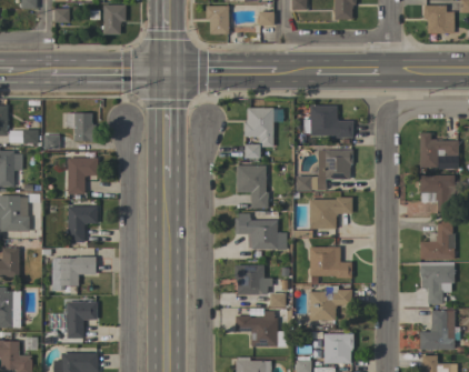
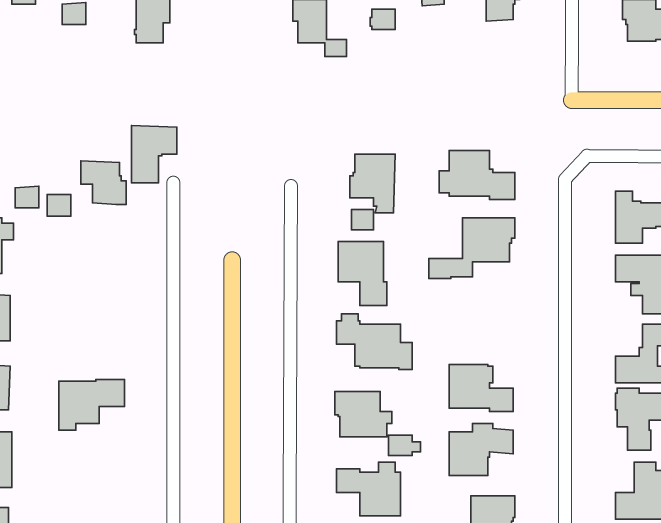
building: [68,157,98,194] -> [132,126,177,183]
building: [310,197,352,229] -> none
building: [63,205,98,248] -> none
building: [49,302,97,338] -> none

